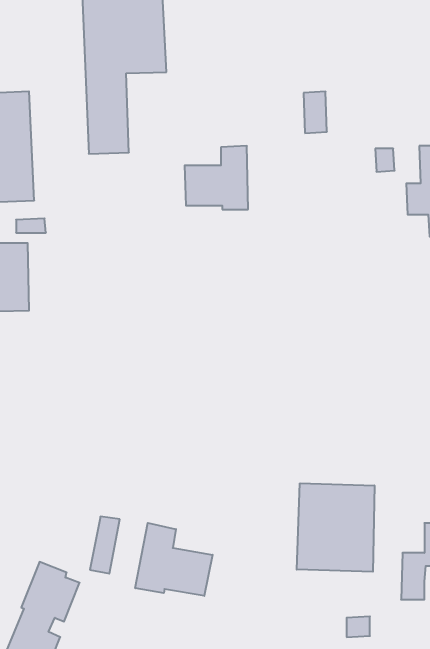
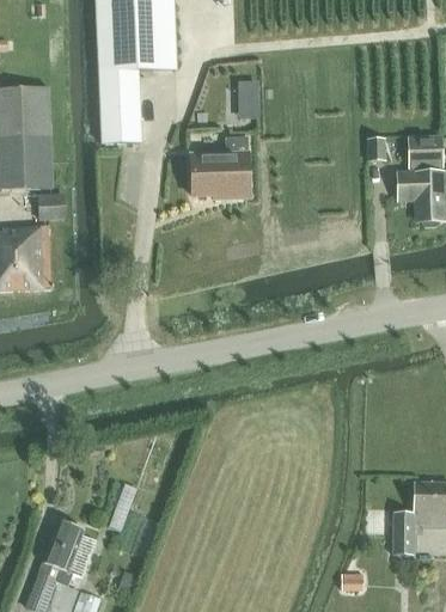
building: [304,92,327,133] -> [238,79,259,117]
building: [297,483,374,572] -> none
building: [135,523,213,596] -> none

